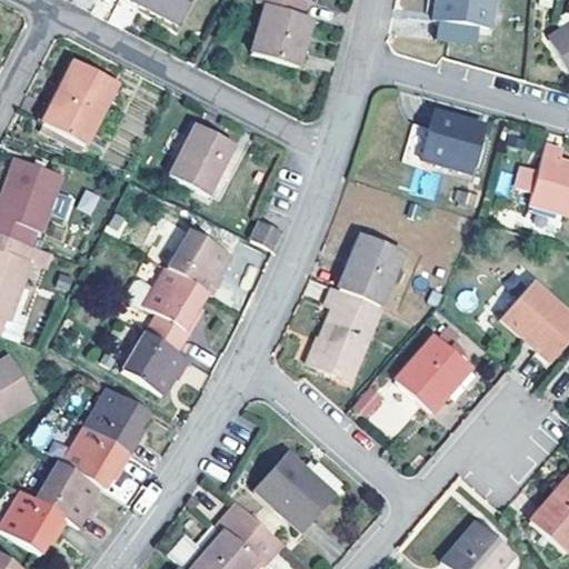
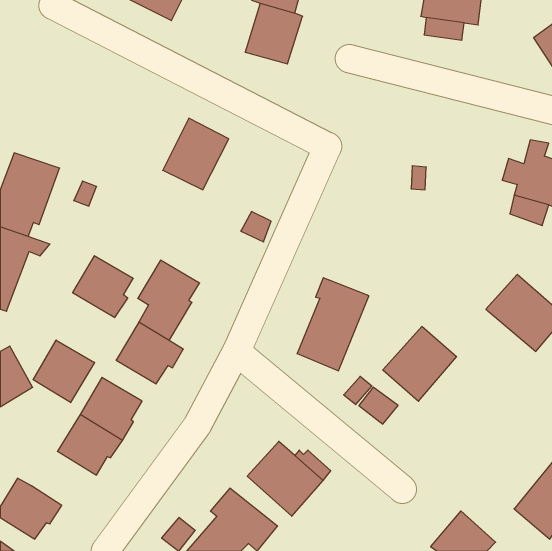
building: [43,60,118,142] -> none
building: [405,110,485,170] -> none
building: [167,229,229,292] -> [73,256,133,318]
building: [339,232,400,302] -> none
building: none -> [33,340,95,403]
building: [34,460,101,527] -> none

